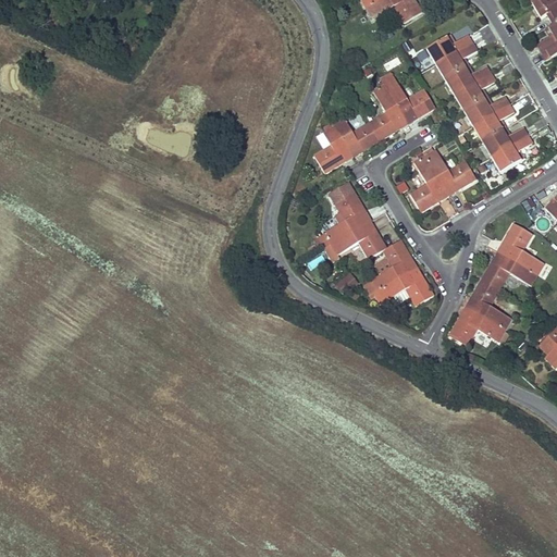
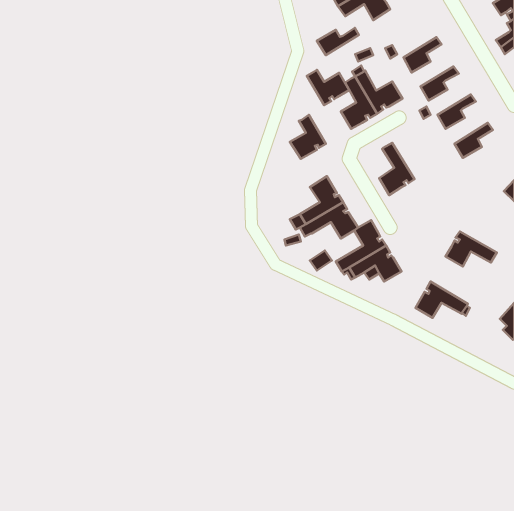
building: [426,33,472,62] -> [317,28,359,55]
building: [445,64,491,94] -> none
building: [463,95,509,124] -> none
building: [334,117,380,156] -> [307,70,349,105]
building: [482,125,528,156] -> none
building: [424,148,476,194] -> none
building: [497,222,544,273] -> none
building: [466,277,512,329] -> none

